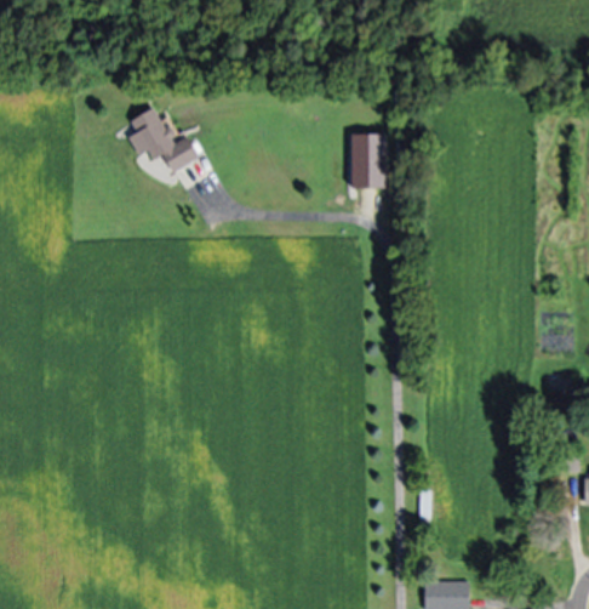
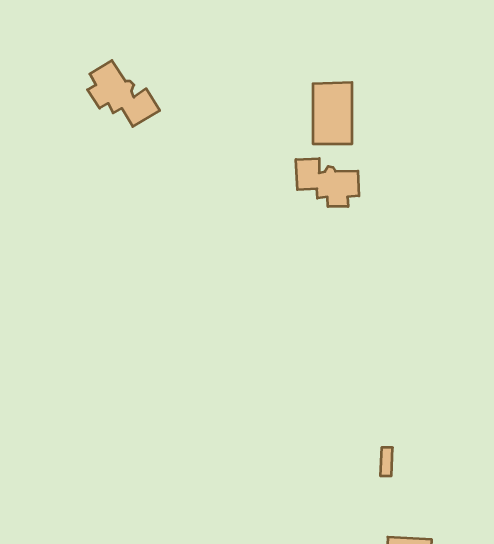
building: none -> [296,158,359,207]

